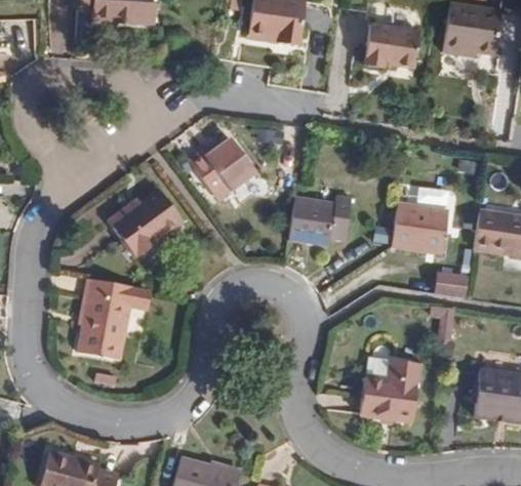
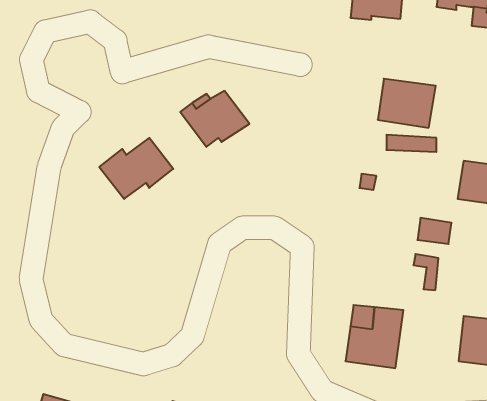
building: [288,196,352,246] -> none
building: [390,203,449,253] -> [378,79,436,128]
building: [87,276,142,358] -> none

